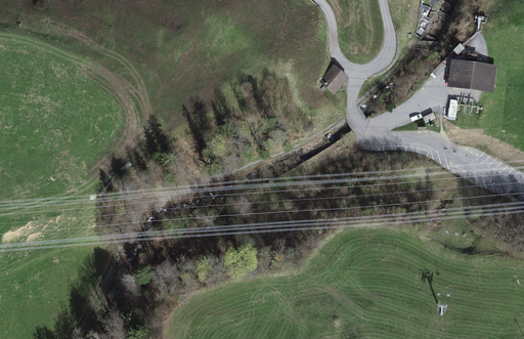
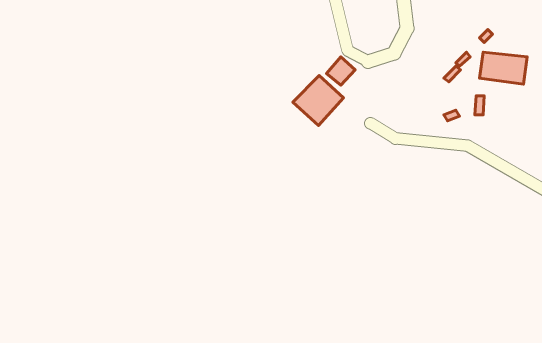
building: none -> [293,75,344,126]

